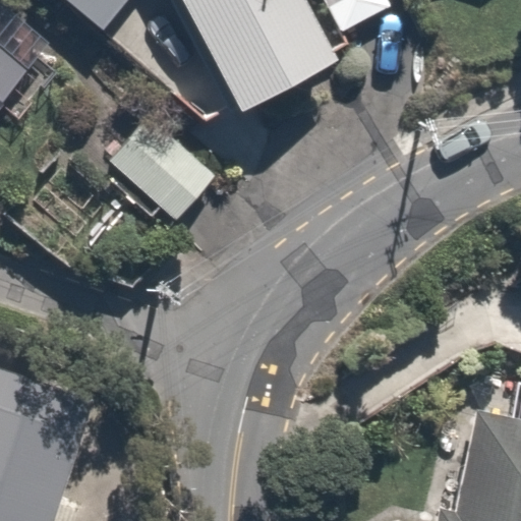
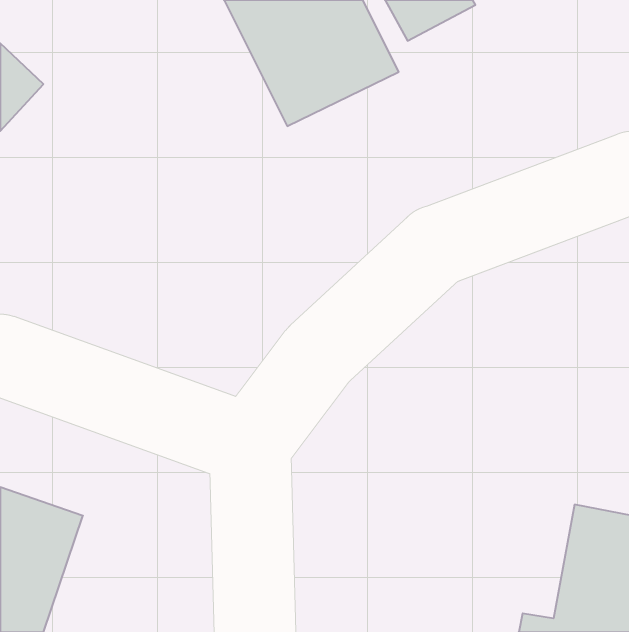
building: [97,107,212,223] -> none

